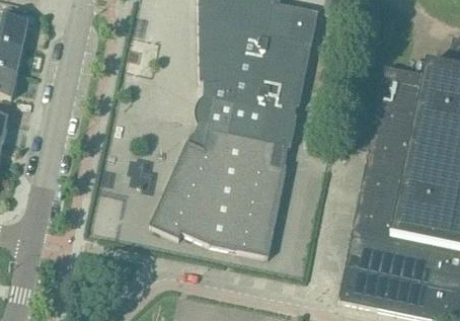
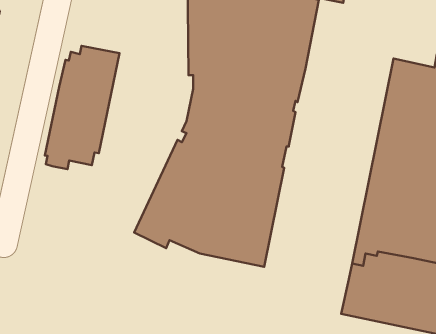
building: none -> [45,46,119,169]

